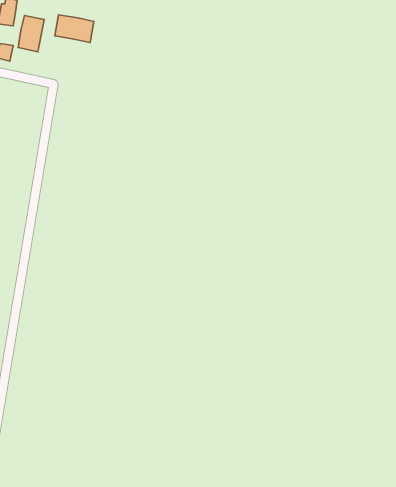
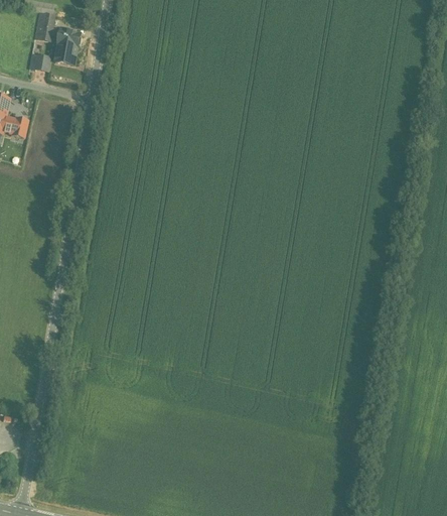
building: [55,15,94,43] -> none

